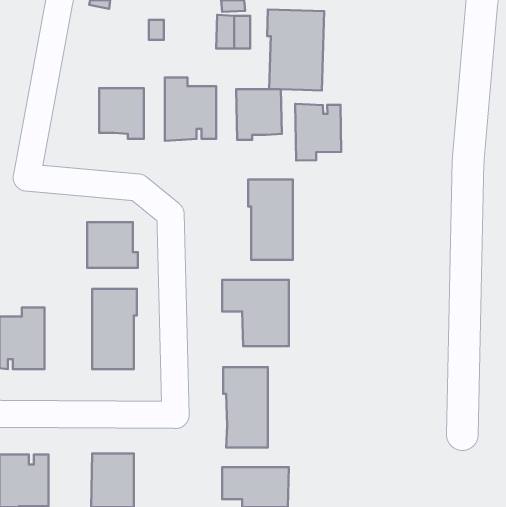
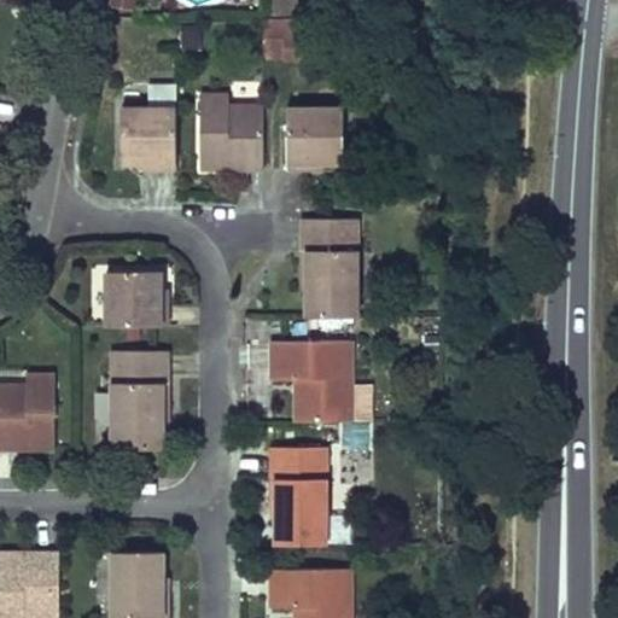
building: [267,10,324,91] -> none
building: [295,104,341,161] -> none

